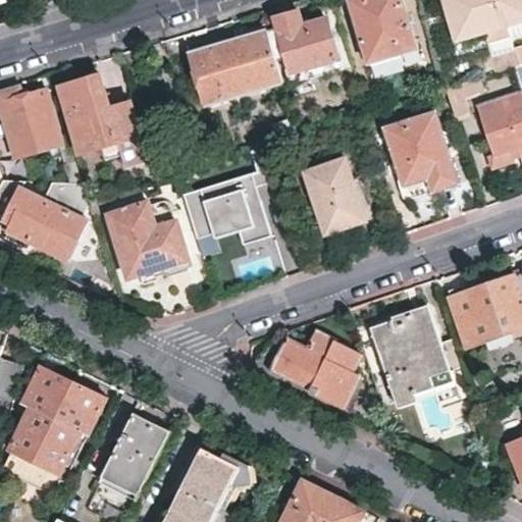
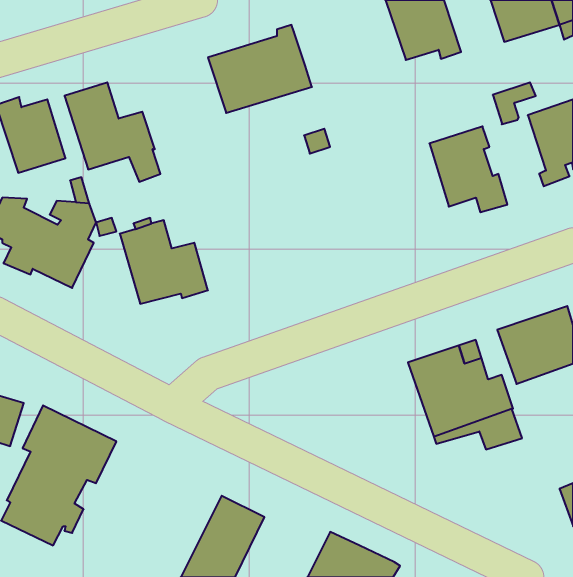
building: [265,9,341,72] -> none
building: [182,144,275,244] -> none
building: [302,158,363,234] -> none
building: [265,330,360,406] -> none
building: [100,415,167,498] -> none

